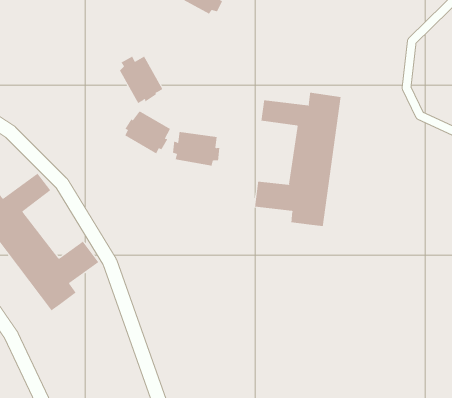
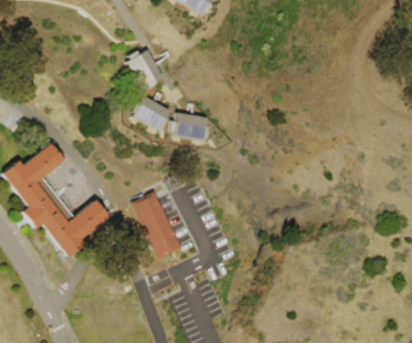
building: [254,92,341,227] -> none
building: none -> [133,194,183,259]

